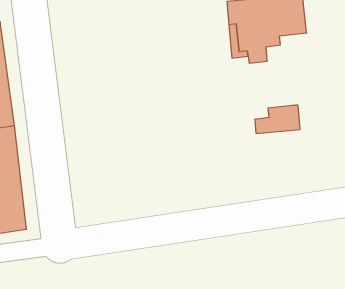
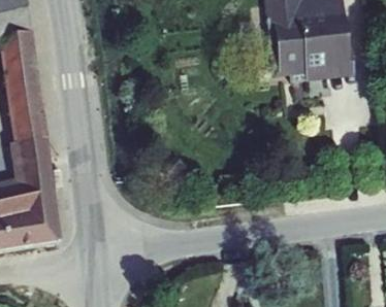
building: [255,105,300,133] -> [303,41,350,70]

